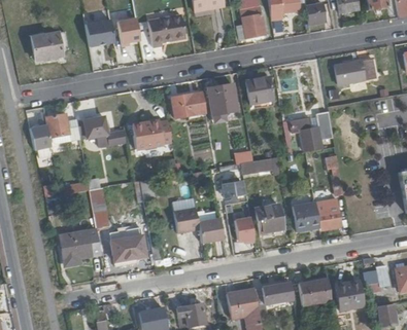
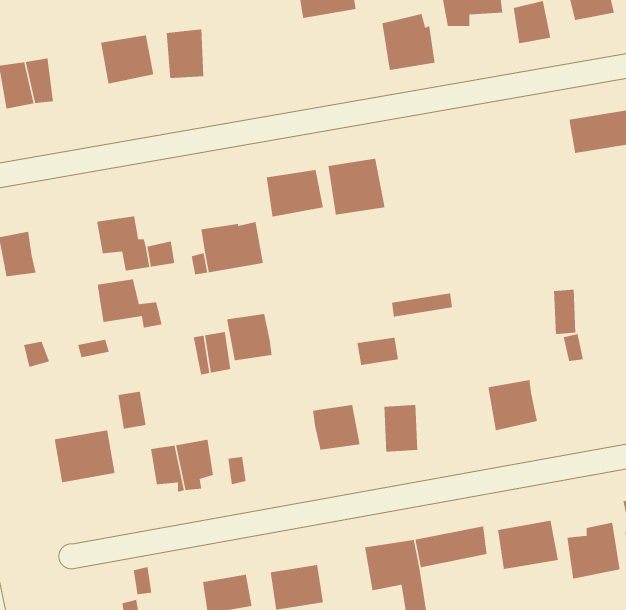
building: [148,15,184,43] -> none
building: [246,79,274,104] -> none
building: [290,109,332,149] -> none
building: [46,114,81,141] -> [97,278,163,329]
building: [316,203,342,228] -> none
building: [256,204,283,232] -> none
building: [175,206,200,231] -> [226,313,273,361]

